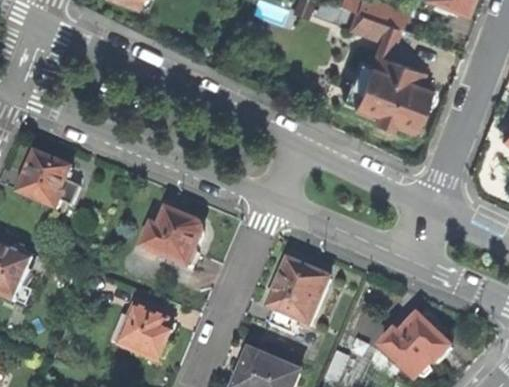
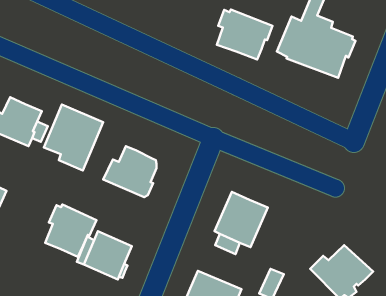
building: none -> [217,10,273,60]
building: none -> [44,105,103,170]
building: none -> [45,205,96,257]

